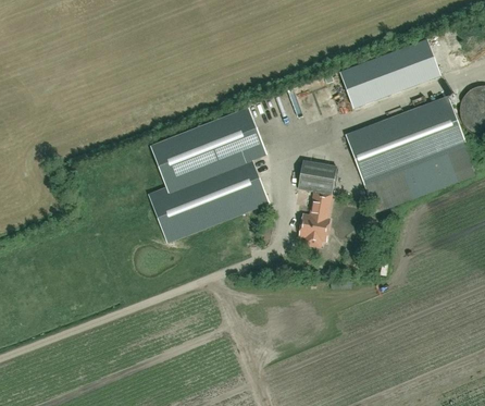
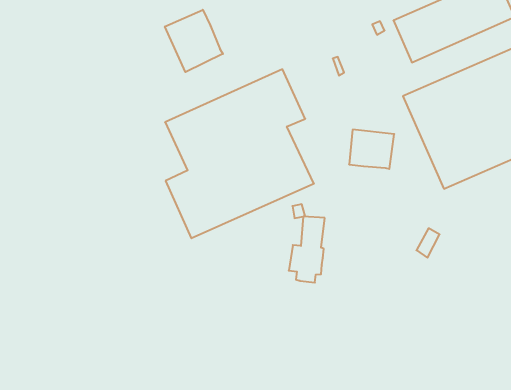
building: none -> [165,10,223,72]
building: [299,192,331,246] -> [289,216,325,283]

